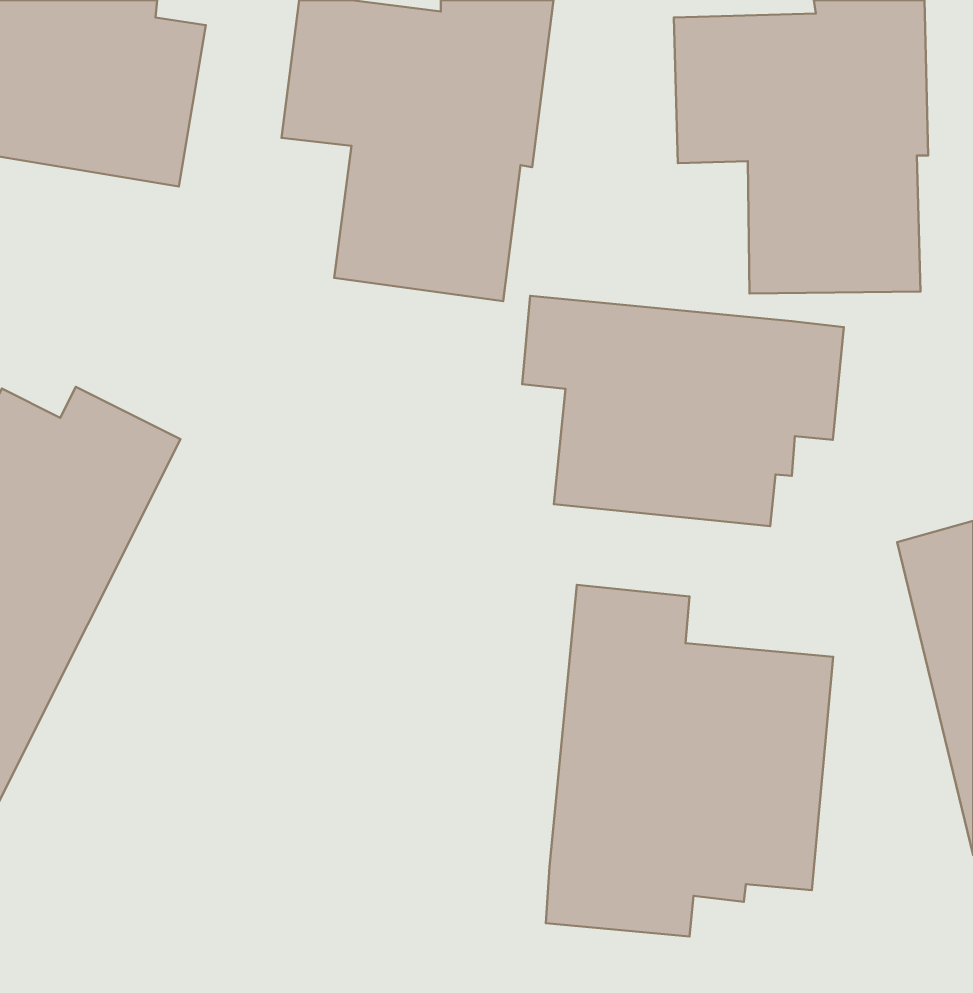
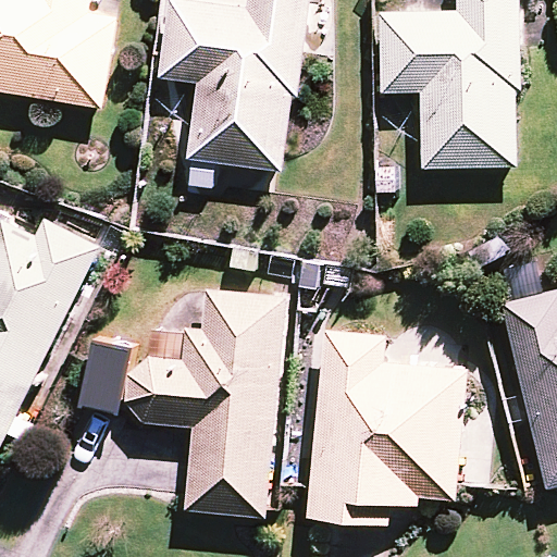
building: [522,296,844,526] -> none
building: none -> [125,287,285,513]

